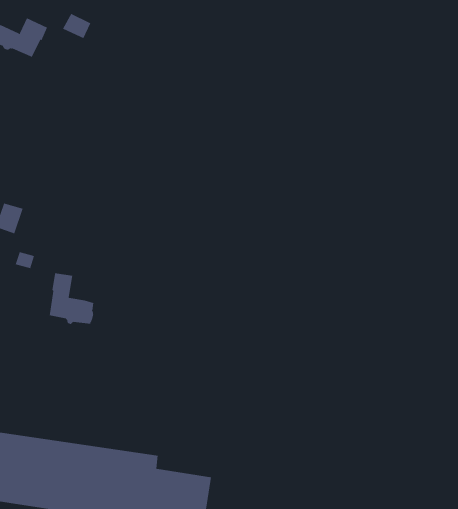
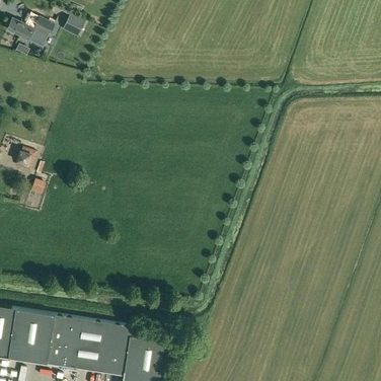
building: [49,272,94,325] -> none

